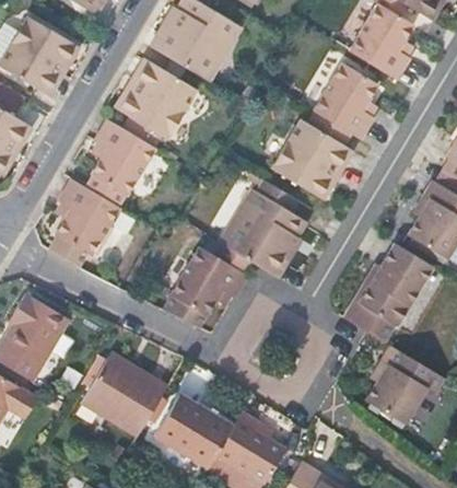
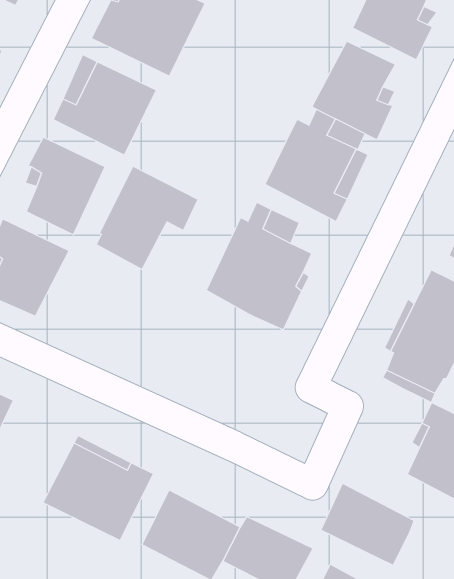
building: [168,248,249,328] -> [96,166,198,269]
building: none -> [321,483,414,566]

